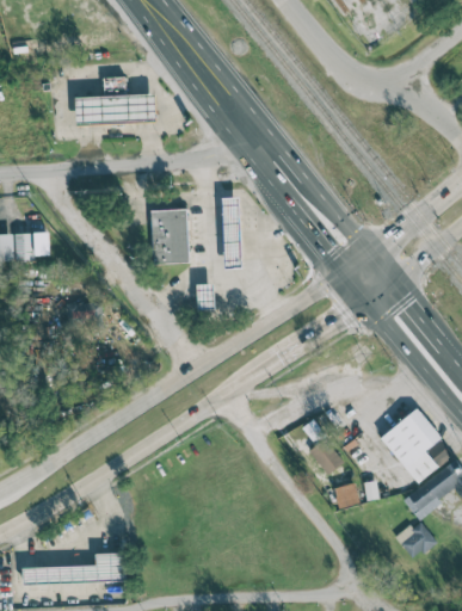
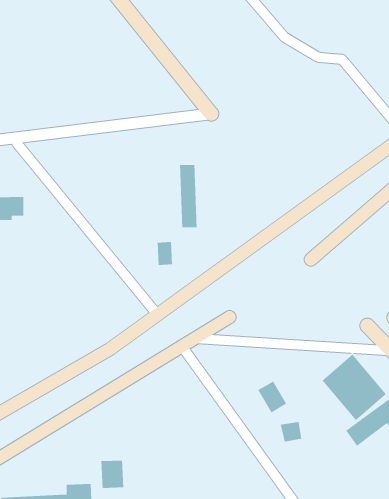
building: [75,76,156,124] -> none
building: [150,209,189,264] -> none
building: [395,519,437,560] -> none
building: none -> [100,460,124,489]

